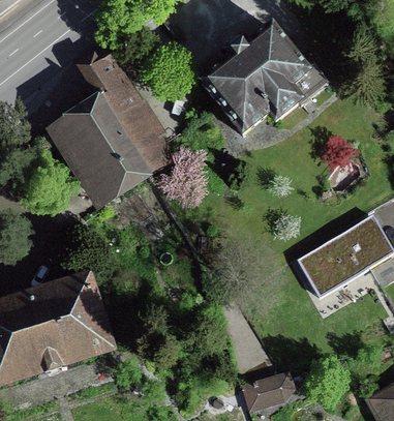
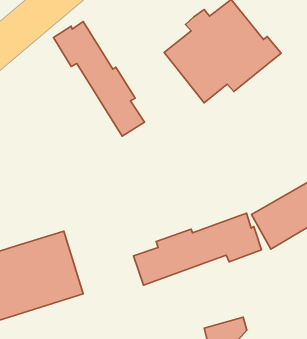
building: [44,92,154,212] -> none
building: none -> [133,213,262,285]

